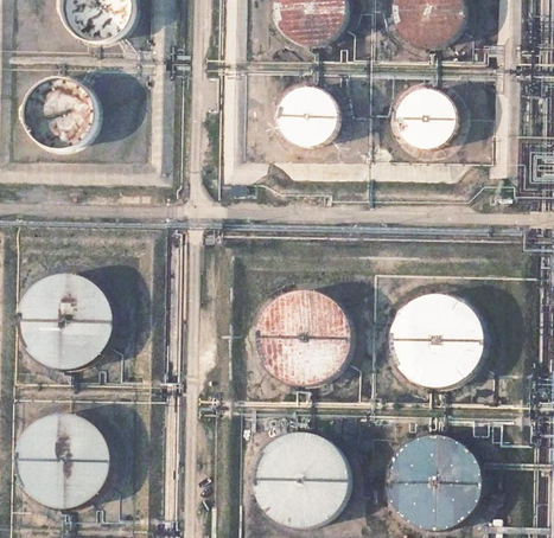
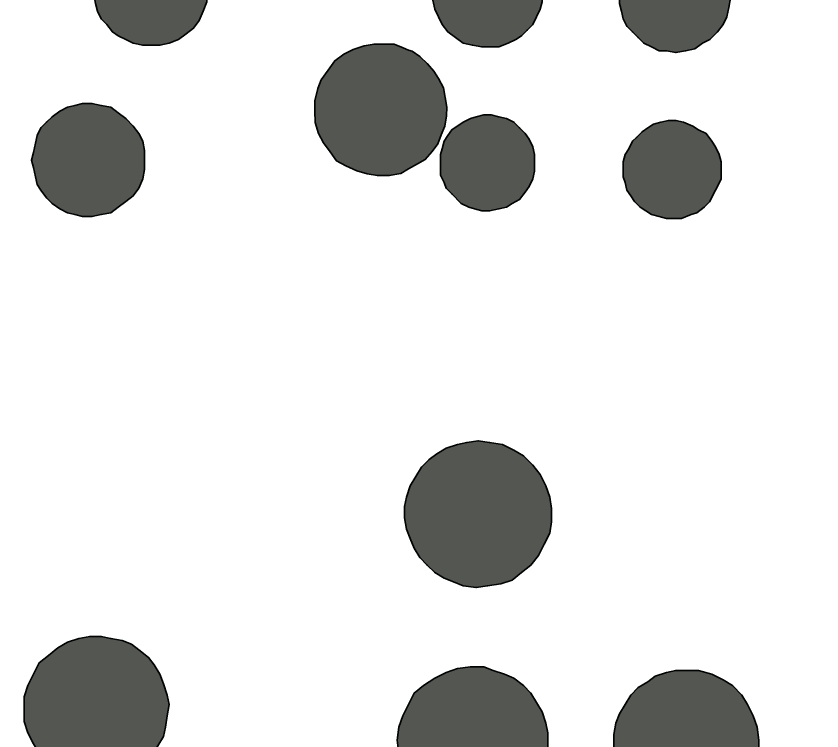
building: none -> [315,44,447,176]
building: [18,273,114,369] -> none
building: [390,294,482,385] -> none

